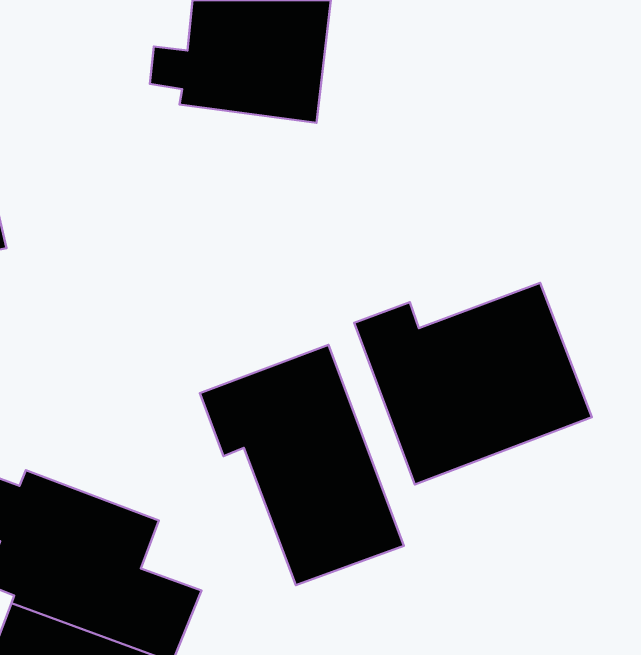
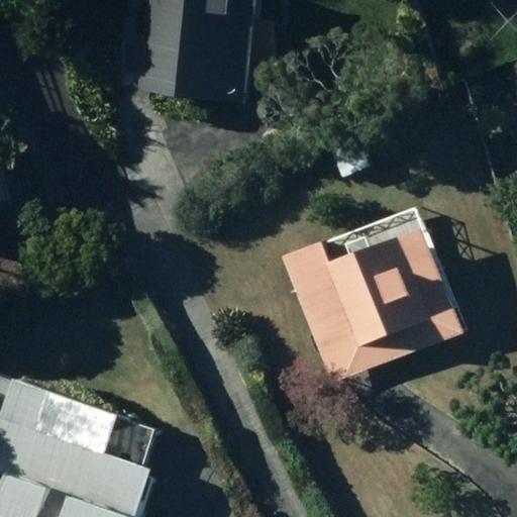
building: [200,345,404,585] -> none

